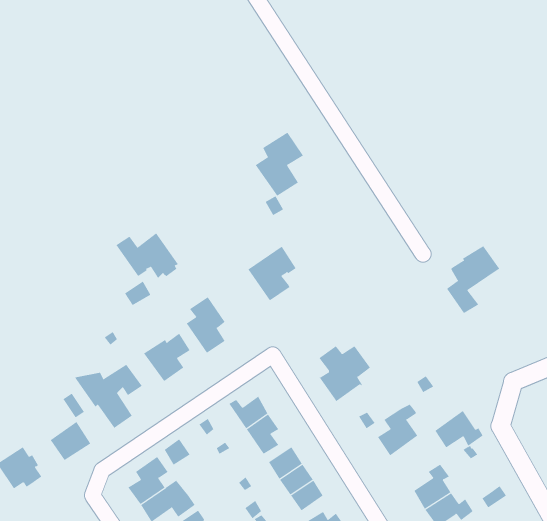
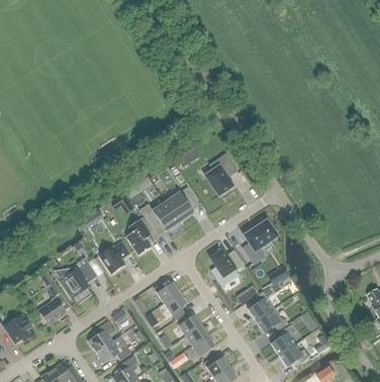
building: [255,132,304,197] -> [204,154,235,195]
building: [116,233,179,278] -> [138,201,179,230]
building: [446,244,500,314] -> [242,219,276,264]
building: [435,410,484,448] -> [256,307,287,331]

